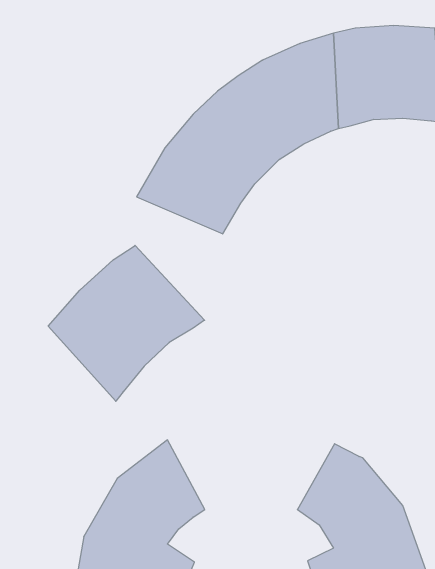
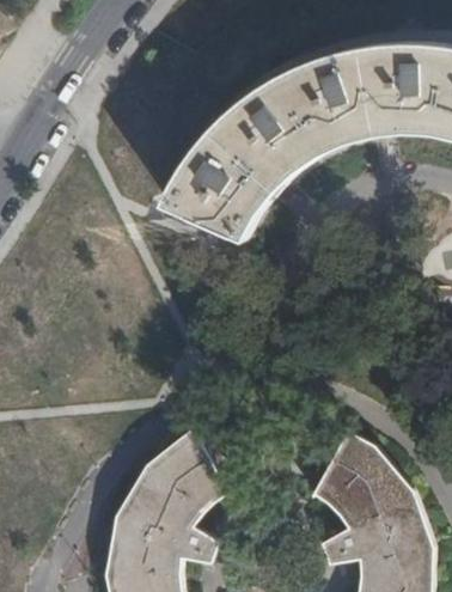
building: [48,245,205,401] -> none

